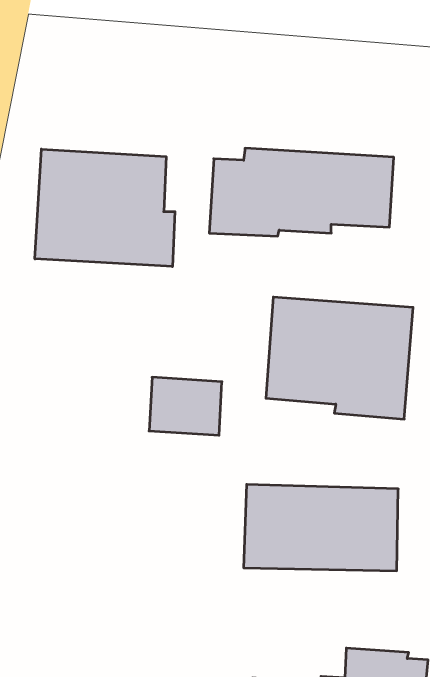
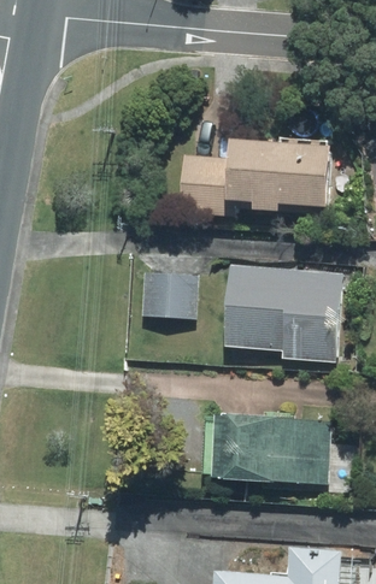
building: [35,149,175,267] -> none
building: [149,377,222,435] -> [137,272,196,319]

